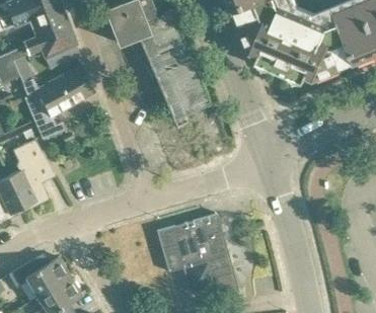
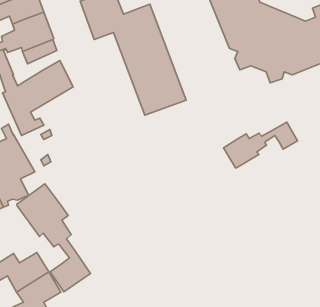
building: none -> [224,122,298,168]
building: none -> [17,184,91,292]
building: [156,213,239,297] -> none

